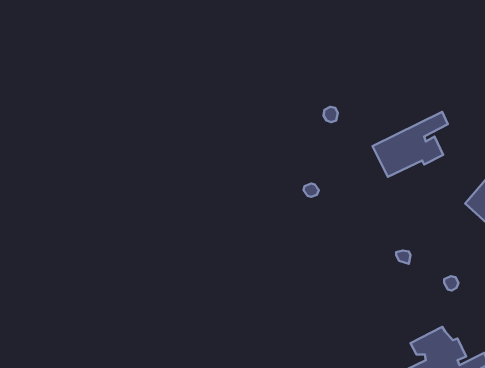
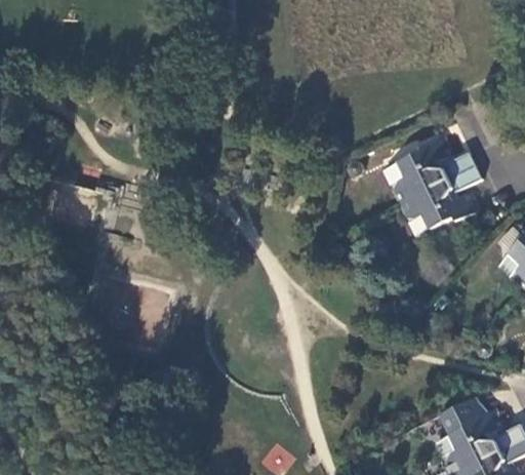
building: none -> [386,135,476,202]

